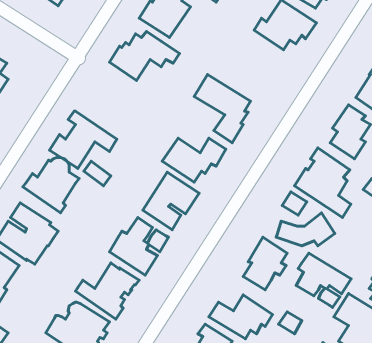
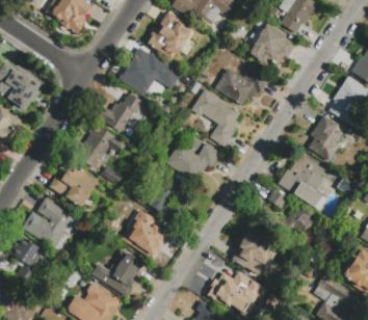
building: none -> [215,65,270,105]
building: none -> [99,94,143,133]
building: [296,253,351,307] -> none

